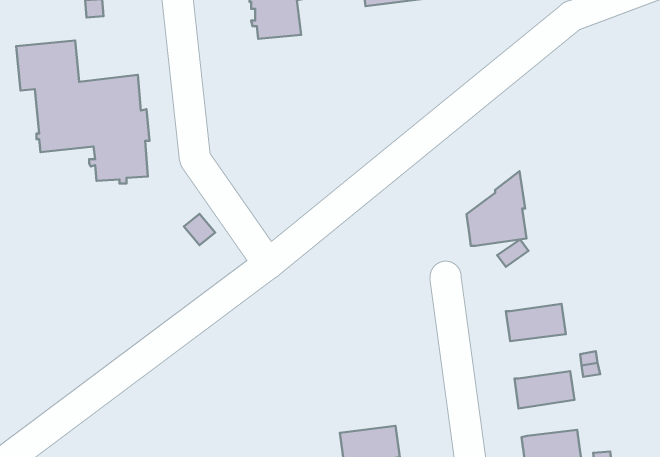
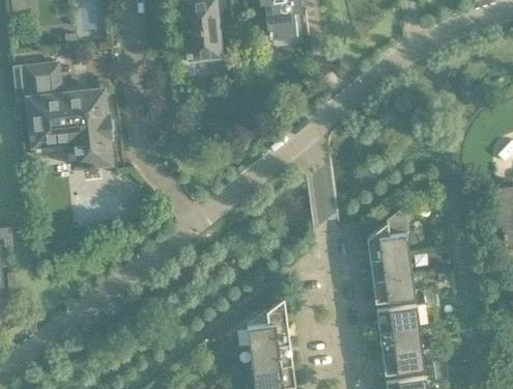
building: [466,171,527,246] -> [367,206,410,260]
building: none -> [373,277,416,303]
building: none -> [247,298,290,349]
building: none -> [379,325,422,352]

